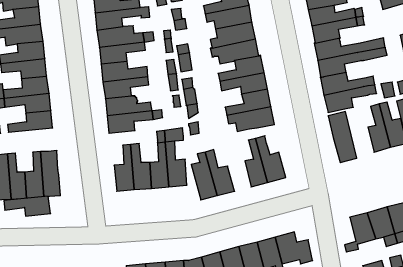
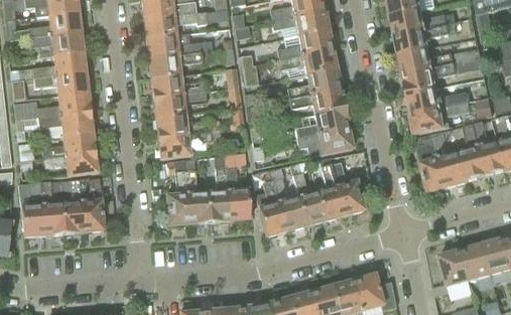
building: none -> [435,131,469,187]
building: none -> [293,172,326,225]
building: [4,196,51,216] -> [43,152,98,175]

